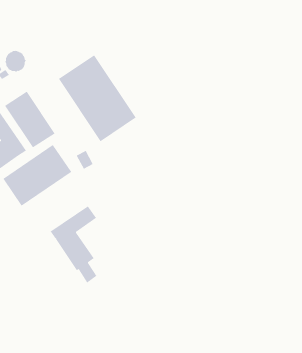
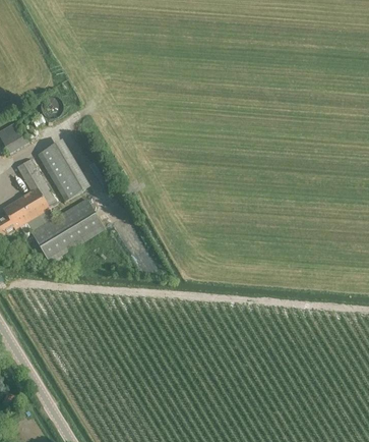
building: [58,54,137,142] -> none
building: [50,205,97,283] -> none

